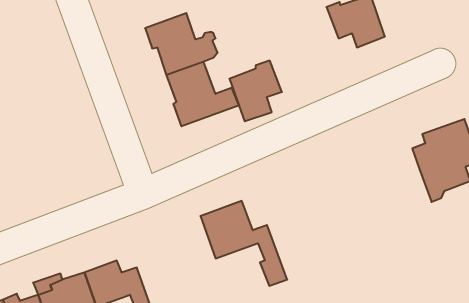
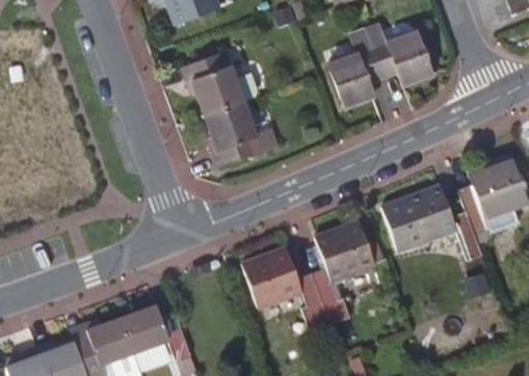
building: [229,61,282,121] -> [329,45,383,107]
building: none -> [382,187,482,261]
building: none -> [310,218,372,325]

